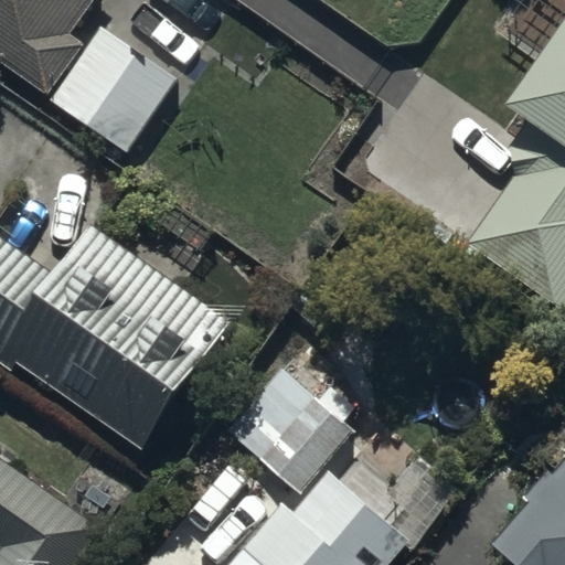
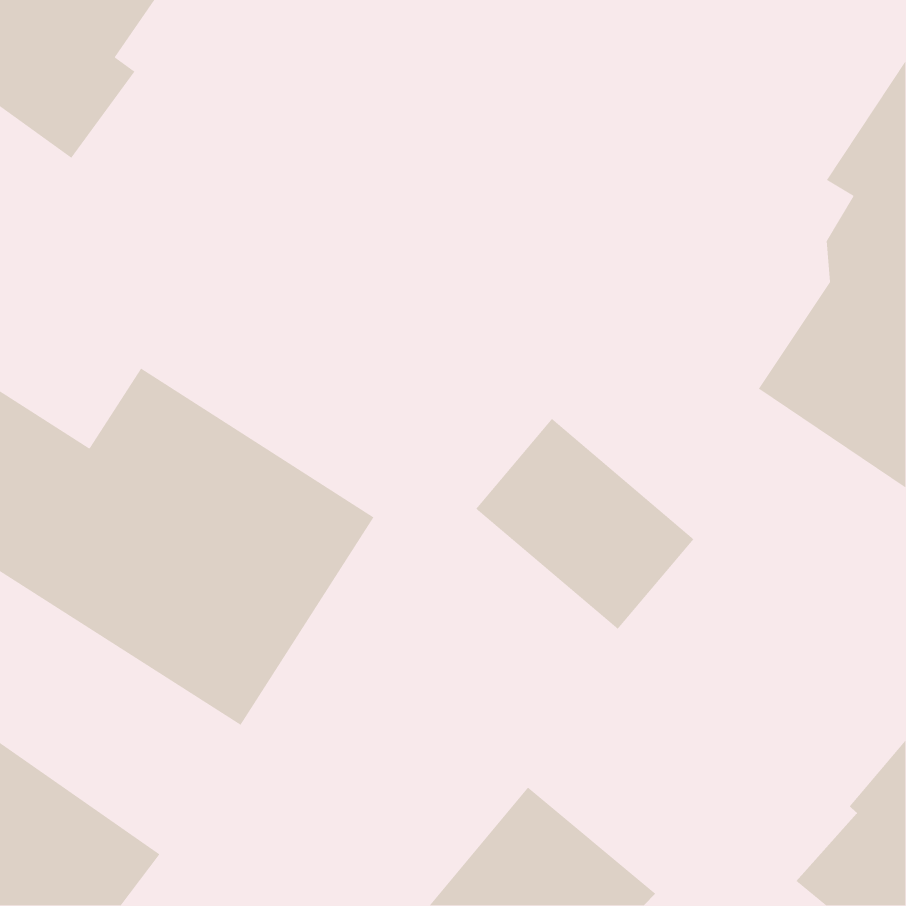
building: [49,25,179,154] -> none
building: [220,356,355,488] -> [475,418,694,630]

